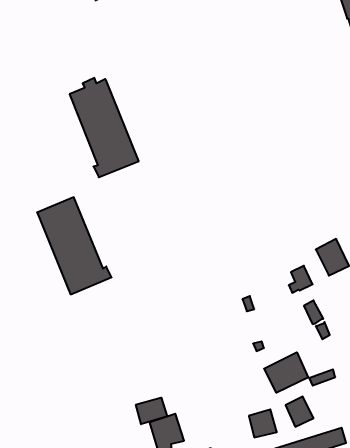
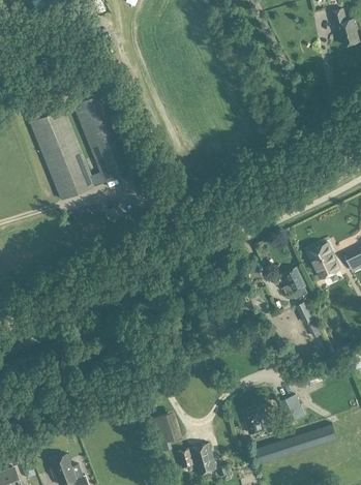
building: [37,197,112,294] -> [28,108,99,201]
building: [264,352,308,393] -> none
building: [136,398,167,424] -> none

